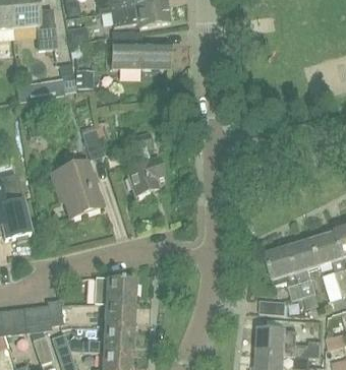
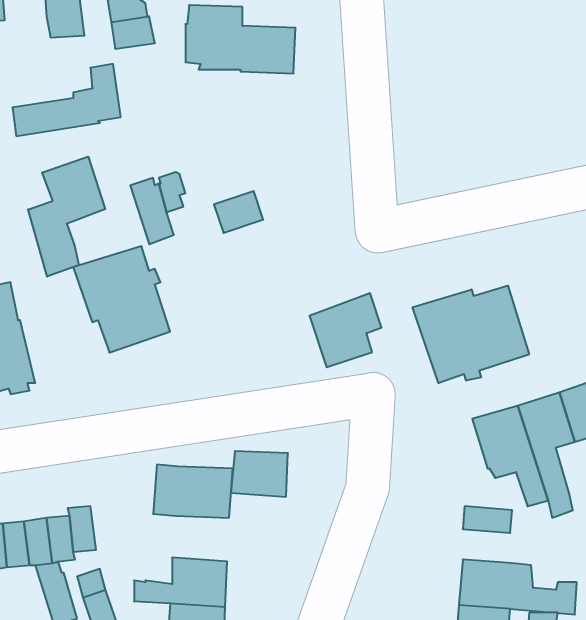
building: none -> [28,157,105,277]
building: [125,156,164,195] -> [309,293,382,367]
building: none -> [413,286,529,383]
building: [103,304,133,328] -> [231,451,288,497]

